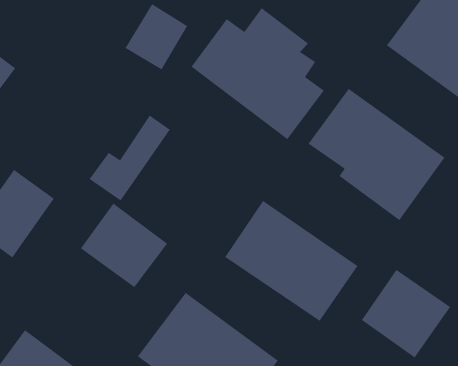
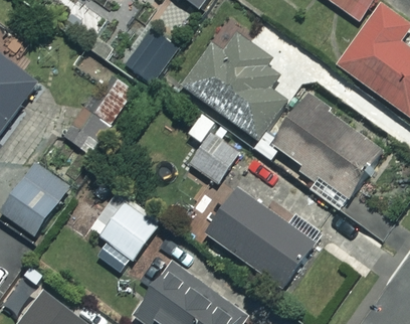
building: [89,115,171,202] -> [68,77,135,148]
building: none -> [189,129,241,183]
building: [361,269,451,358] -> none

